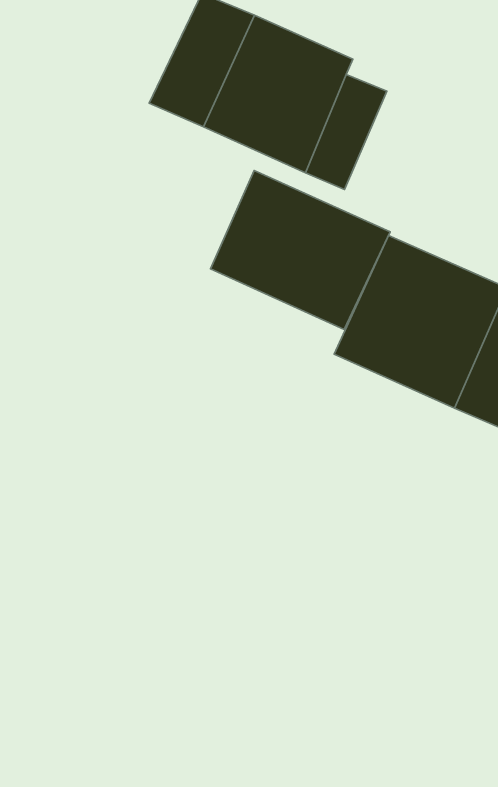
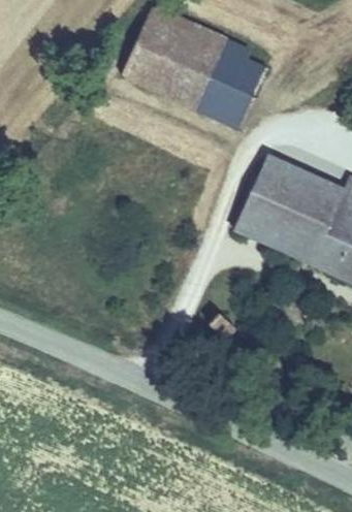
building: [211,170,390,330] -> none

